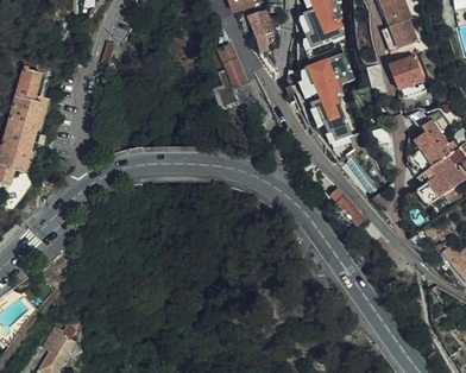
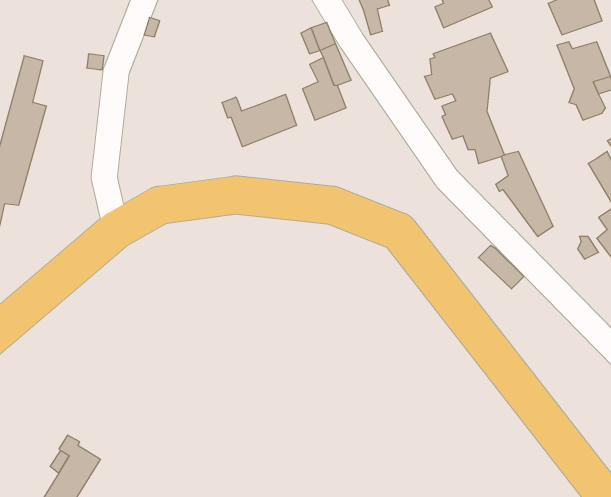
building: none -> [222,94,297,147]

